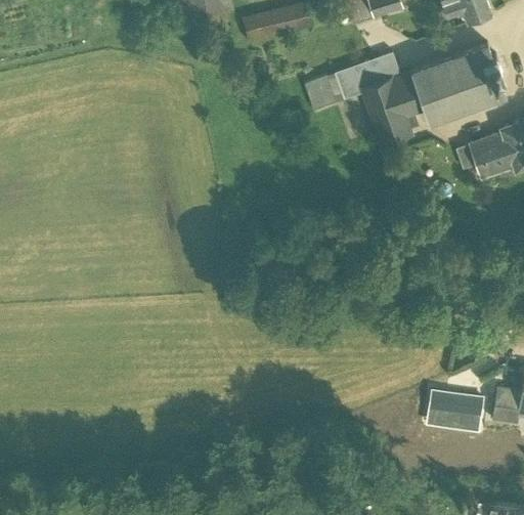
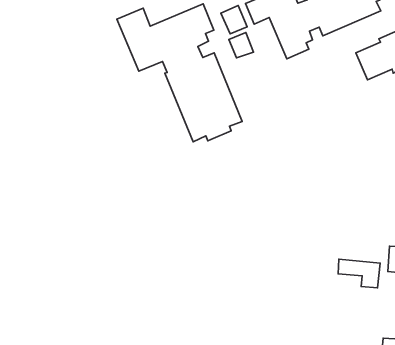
building: none -> [117,4,242,142]
building: none -> [229,33,253,58]

